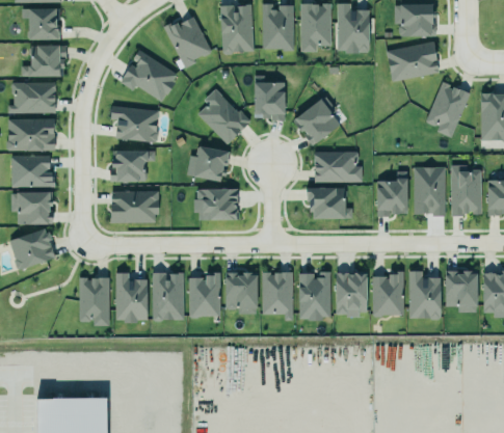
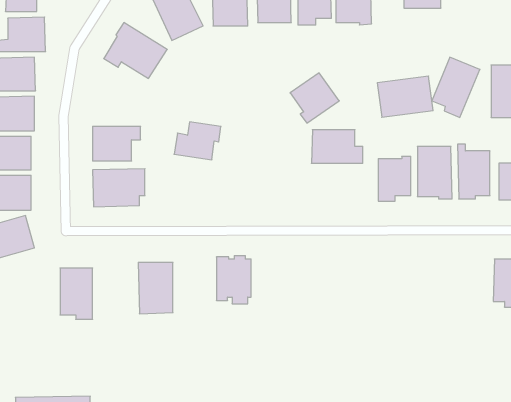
building: [388,44,440,82] -> [377,76,433,117]
building: [255,79,284,120] -> none
building: [196,86,251,144] -> none
building: [111,105,159,140] -> none
building: [310,189,353,220] -> none
building: [196,190,238,221] -> none
building: [115,271,148,319] -> none
building: [409,272,442,320] -> none
building: [446,272,478,313] -> none
building: [263,273,294,322] -> none
building: [299,273,331,321] -> none
building: [337,274,368,317] -> none
building: [373,275,405,318] -> none
building: [189,277,221,318] -> none

